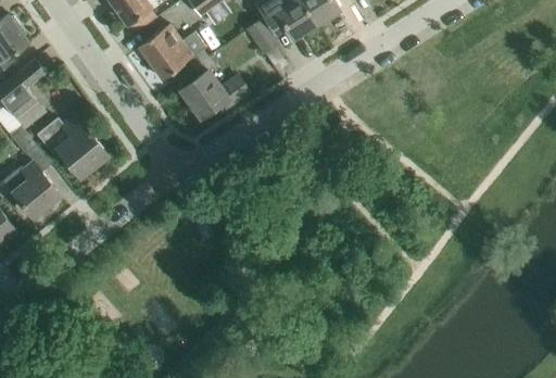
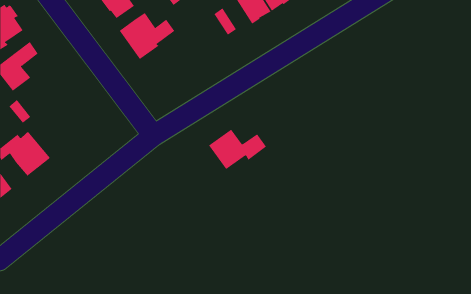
building: [180,72,249,119] -> [208,129,267,170]
building: [38,116,108,178] -> none

